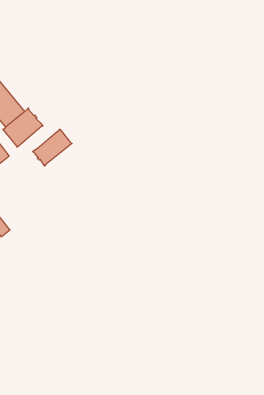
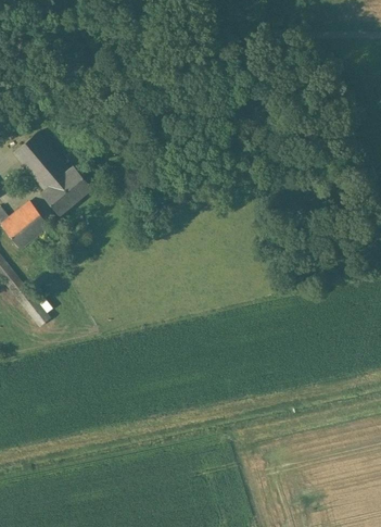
building: [33,129,72,166] -> none

